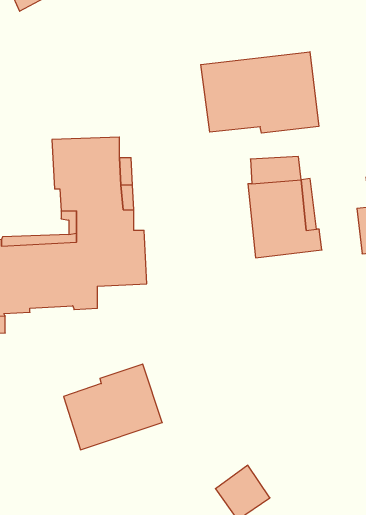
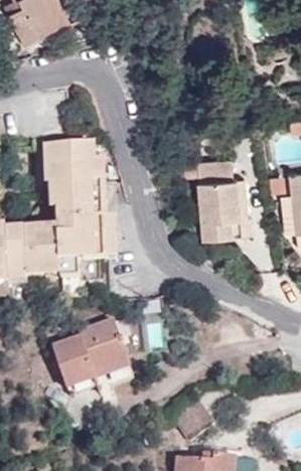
building: [201,52,319,133] -> none

